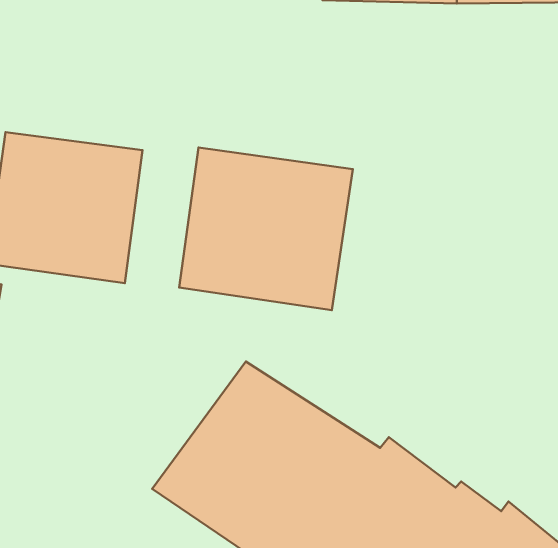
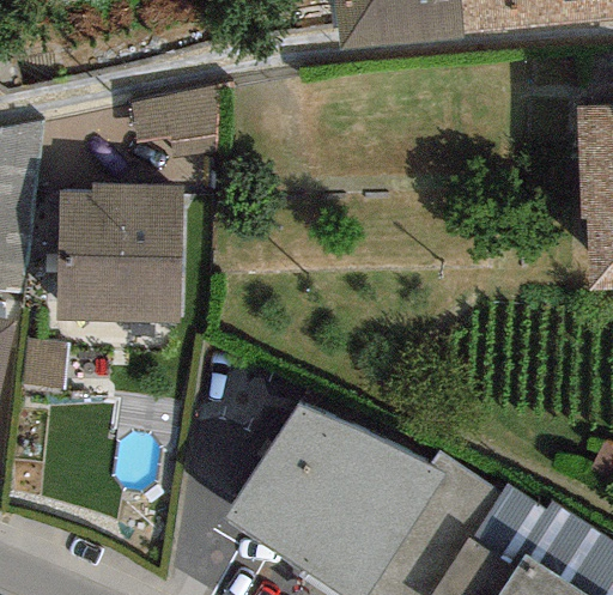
building: [179,147,353,310] -> none

